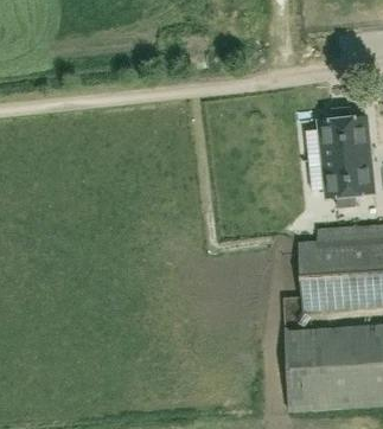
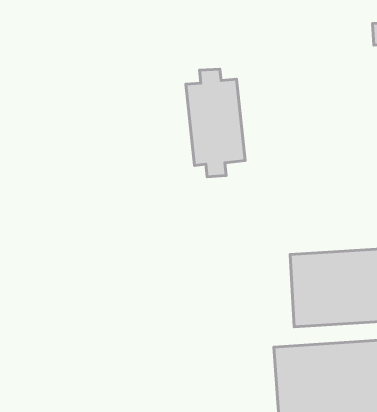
building: [318,105,374,206] -> [186,69,245,177]

